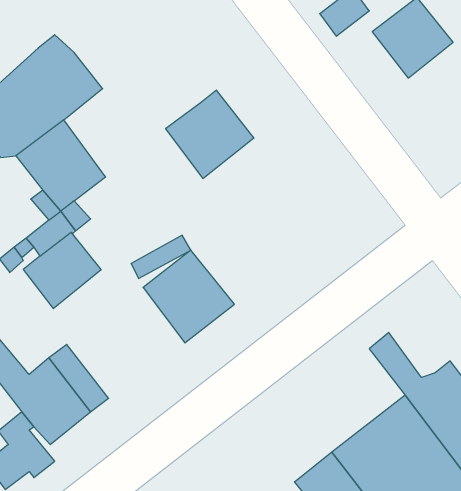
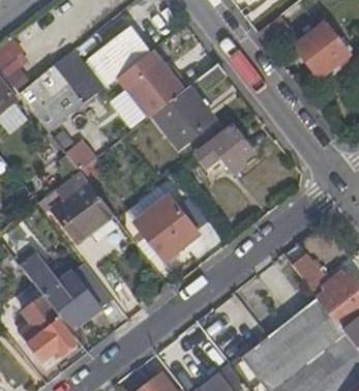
building: none -> [89,31,147,86]
building: none -> [118,62,177,121]
building: none -> [195,126,253,175]

